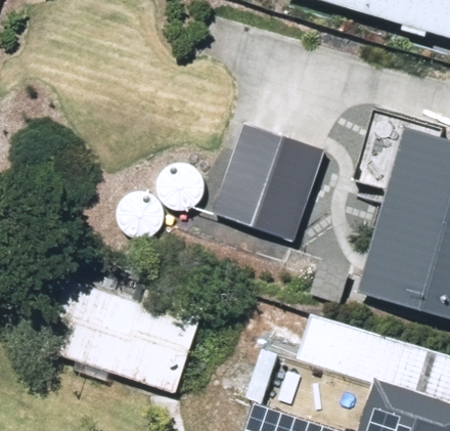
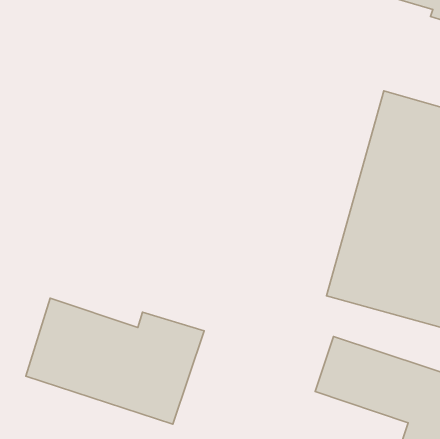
building: [214,114,332,239] -> none

